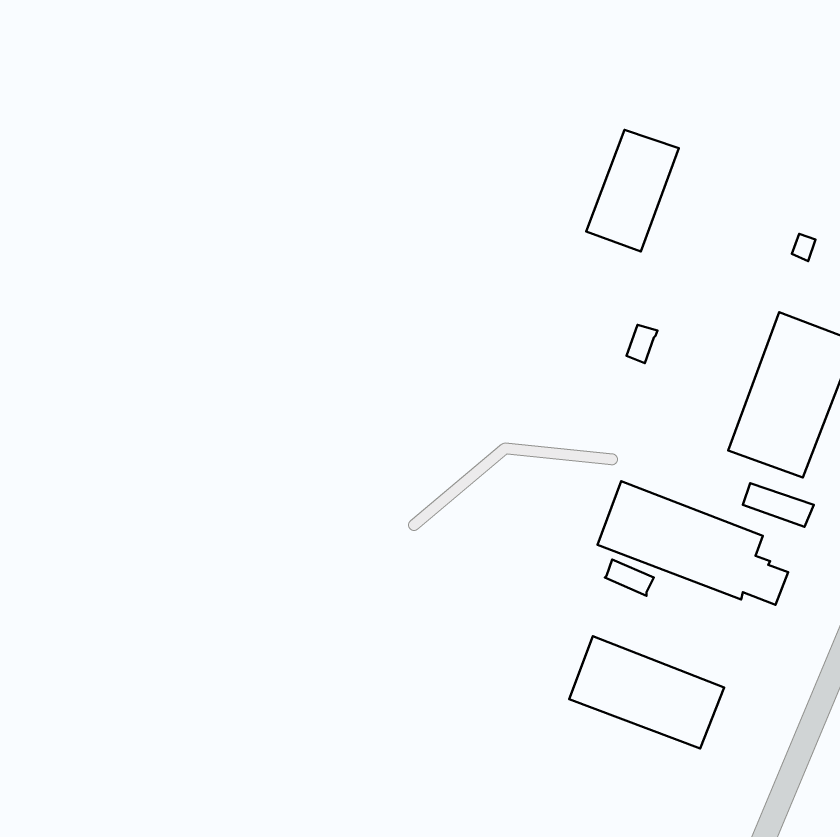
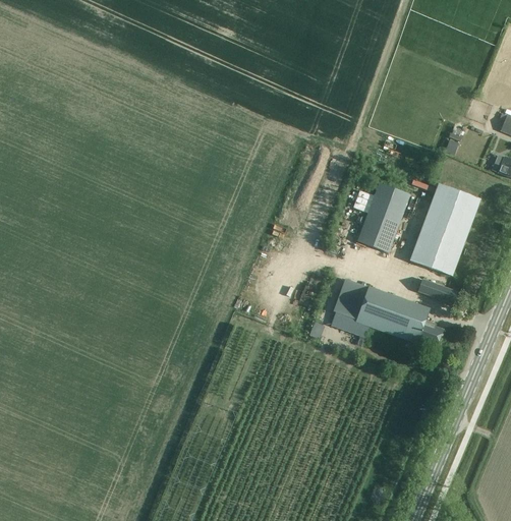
building: [586,130,679,252] -> [356,183,408,251]
building: [569,636,724,748] -> none

